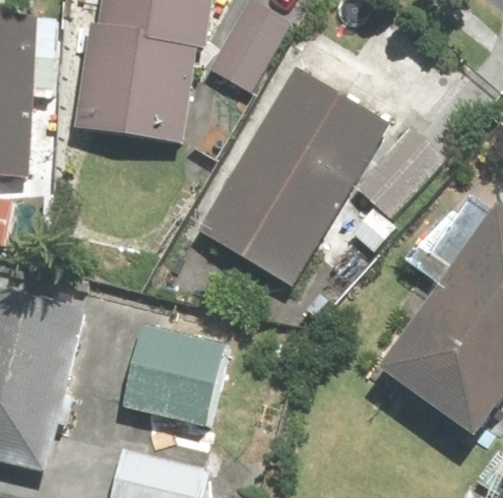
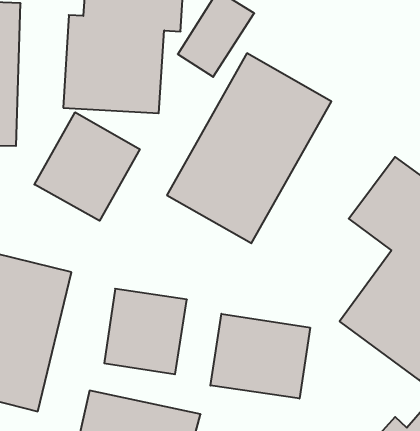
building: none -> [34,112,140,221]
building: none -> [210,314,310,399]

